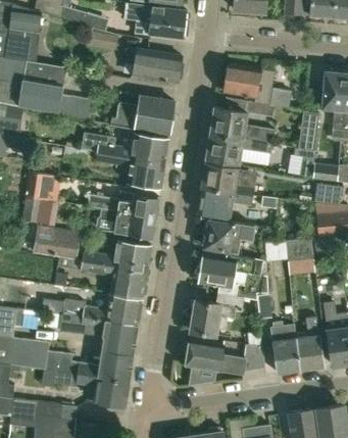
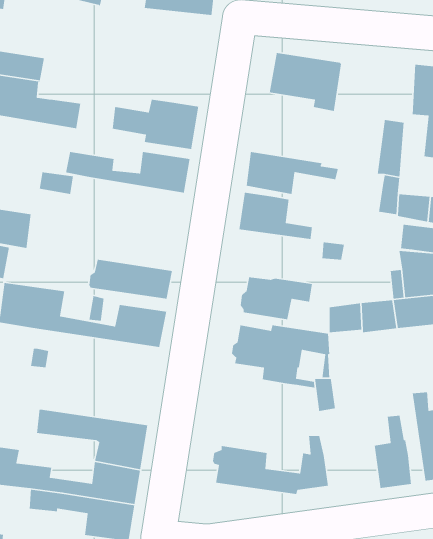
building: [126,49,182,83] -> none
building: [210,107,275,146] -> none
building: [96,152,164,189] -> none
building: [198,189,253,218] -> none
building: [87,191,159,217] -> none
building: [58,258,147,296] -> none
building: [190,294,243,336] -> none
building: [62,295,143,326] -> none
building: [272,325,301,374] -> none

